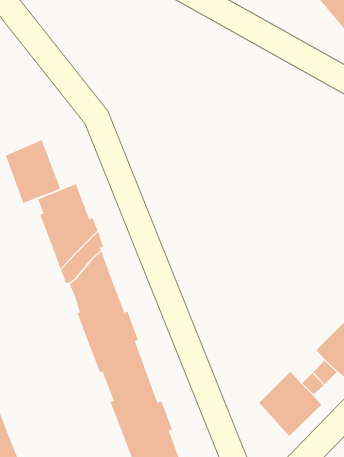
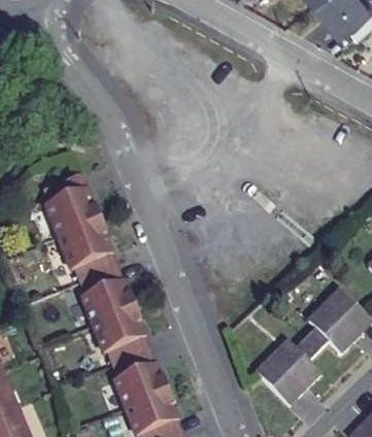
building: [5,139,61,204] -> none

